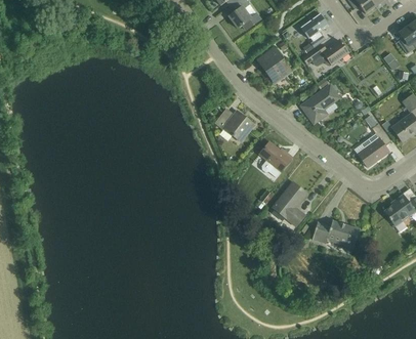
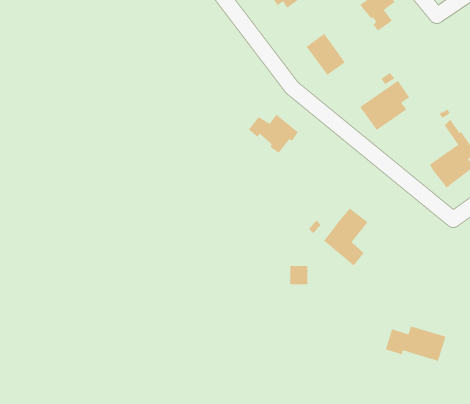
building: [302,40,348,66] -> none
building: [259,141,292,176] -> none
building: [313,220,360,248] -> [385,326,447,362]

